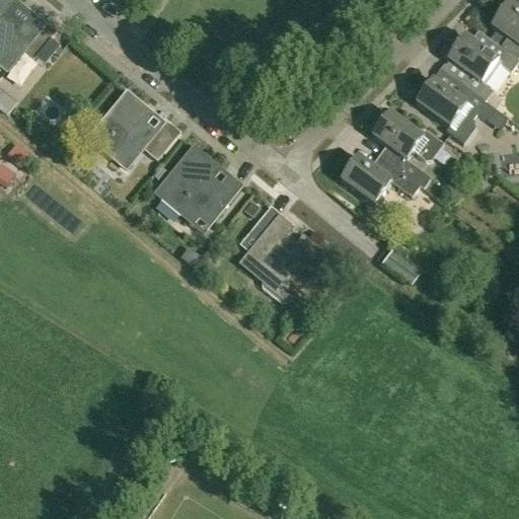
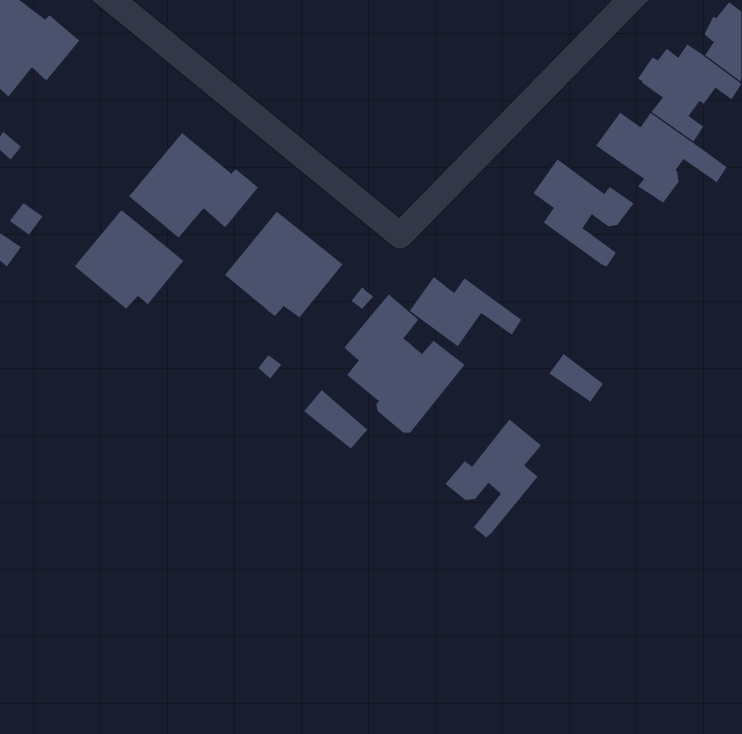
building: none -> [74,209,184,310]
building: [340,154,419,204] -> [409,276,522,347]
building: none -> [303,389,368,449]
building: none -> [445,418,542,539]

